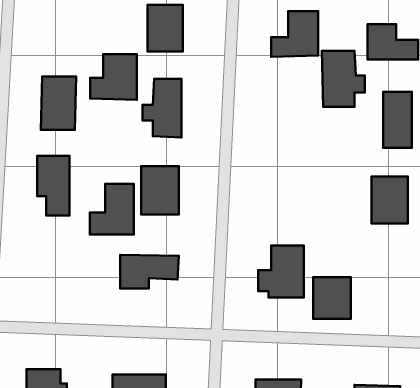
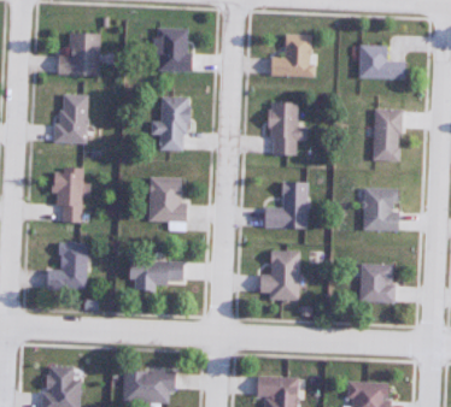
building: [322,51,365,107] -> [268,104,308,155]
building: [90,54,137,100] -> [57,34,100,76]
building: none -> [263,182,309,228]
building: [90,184,134,234] -> [46,243,87,290]
building: [313,277,351,319] -> [359,265,394,303]

